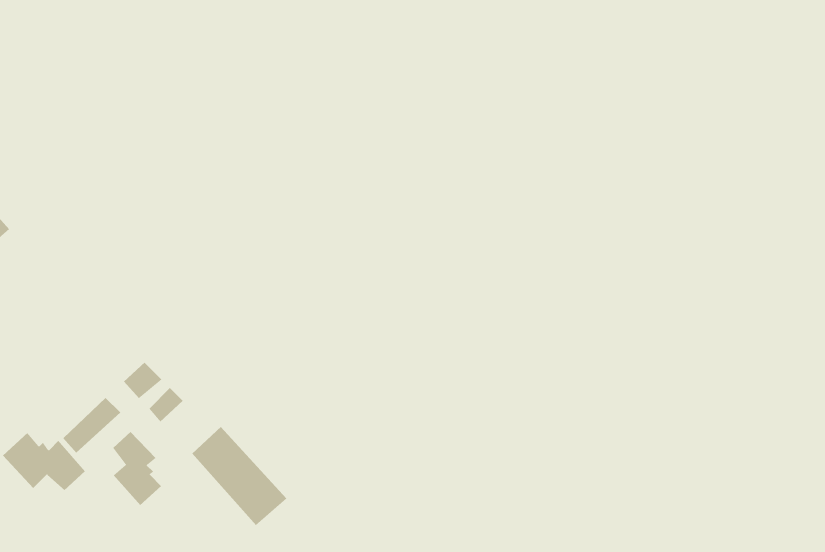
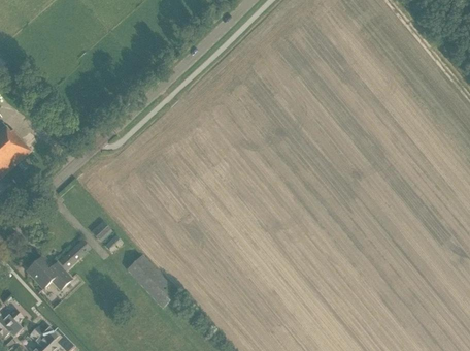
building: [112,431,162,506] -> none

